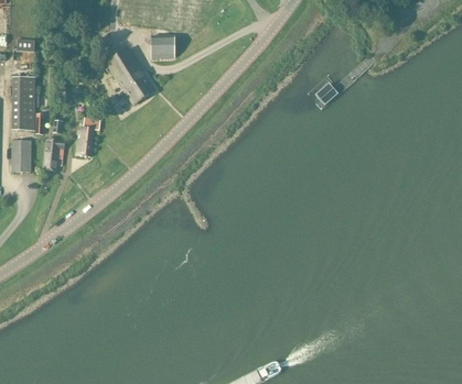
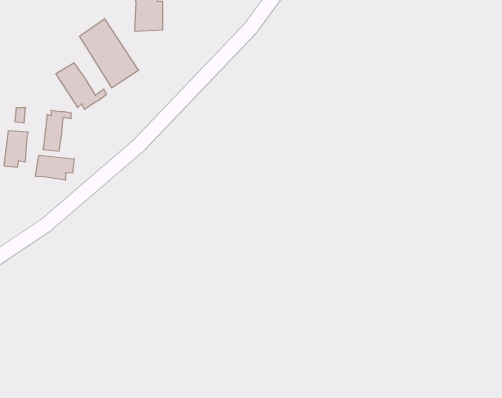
building: none -> [56,63,106,109]
building: none -> [36,155,74,180]

